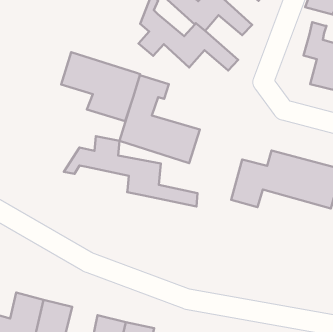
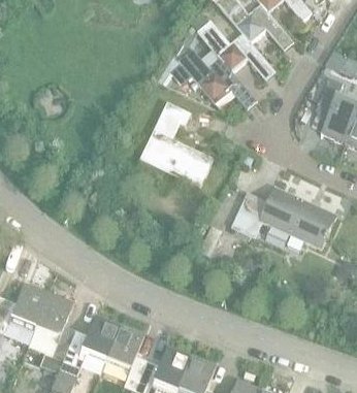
building: [61,52,140,121] -> none
building: [64,136,197,206] -> none

